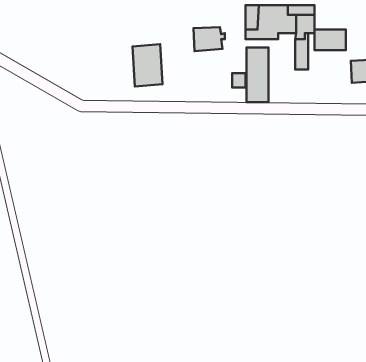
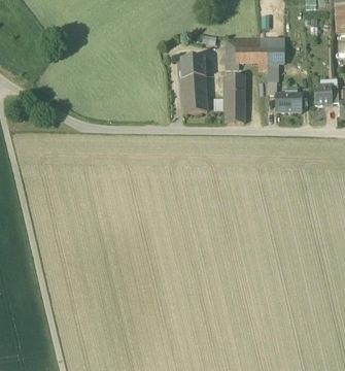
building: [314,29,346,50] -> [275,93,302,110]
building: [132,44,163,86] -> [181,75,207,111]

